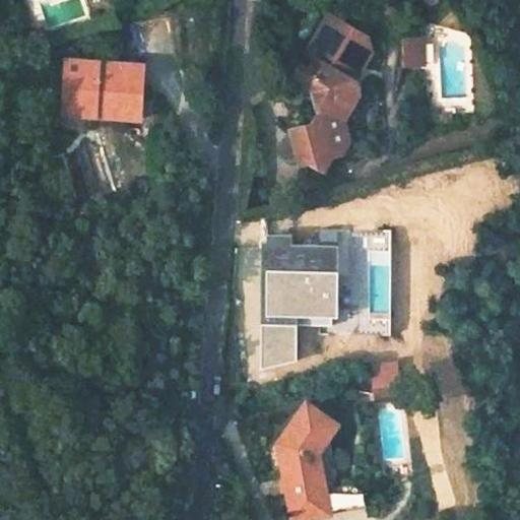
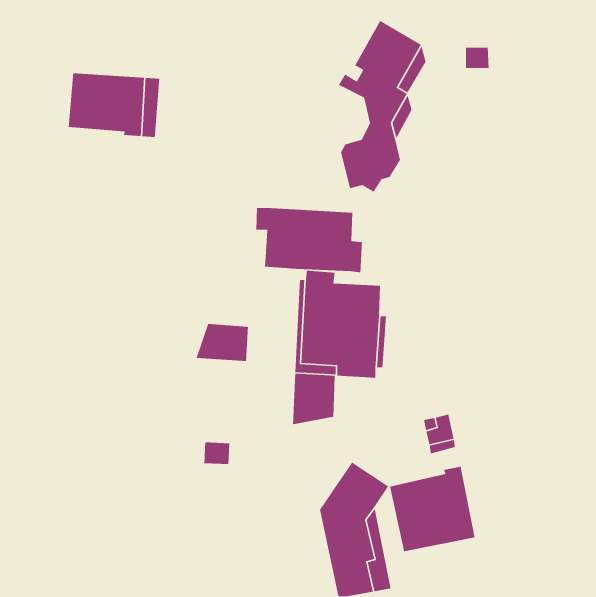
building: none -> [256,207,363,273]
building: none -> [195,323,249,362]
building: none -> [389,466,475,552]

